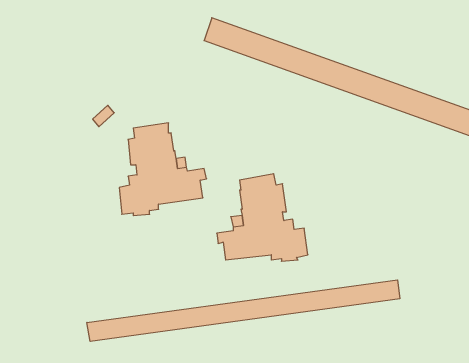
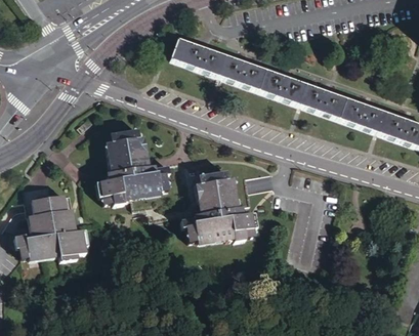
building: none -> [14,193,87,259]
building: [87,280,400,341] -> none

